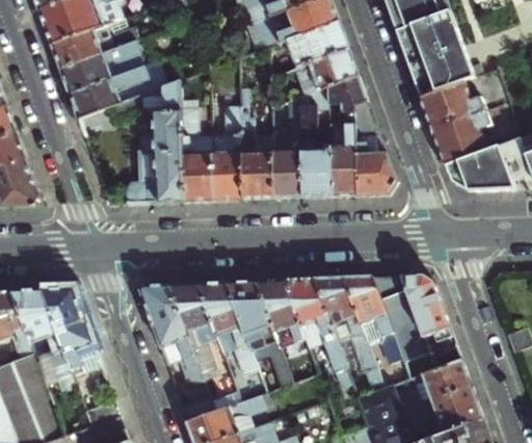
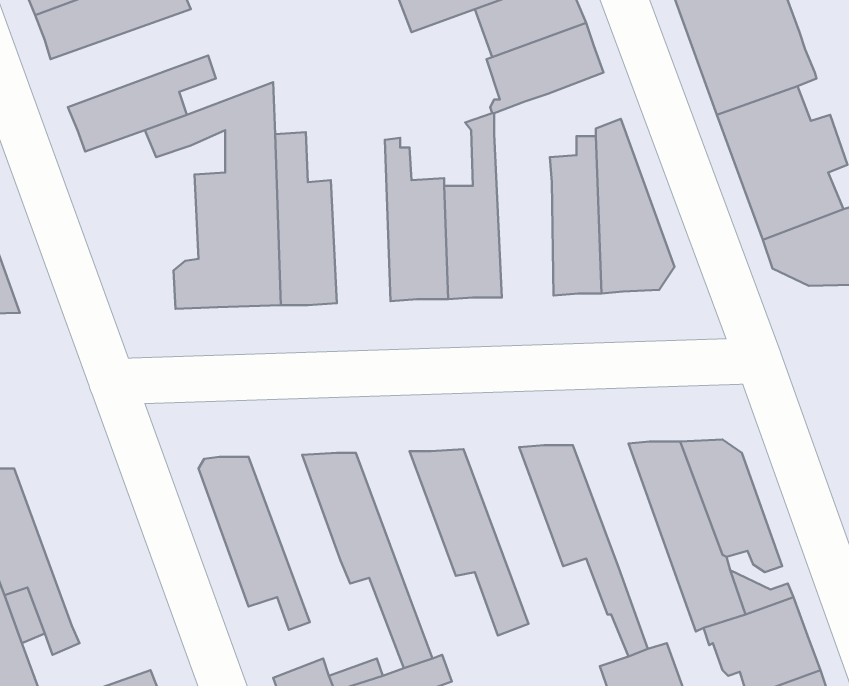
building: [59,42,139,95] -> none
building: [328,76,368,111] -> none
building: [299,92,331,198] -> none
building: [211,107,243,201] -> none
building: [342,277,408,384] -> none
building: [283,279,352,390] -> none
building: [224,281,291,388] -> none
building: [166,283,218,382] -> none
building: [39,289,101,375] -> none

